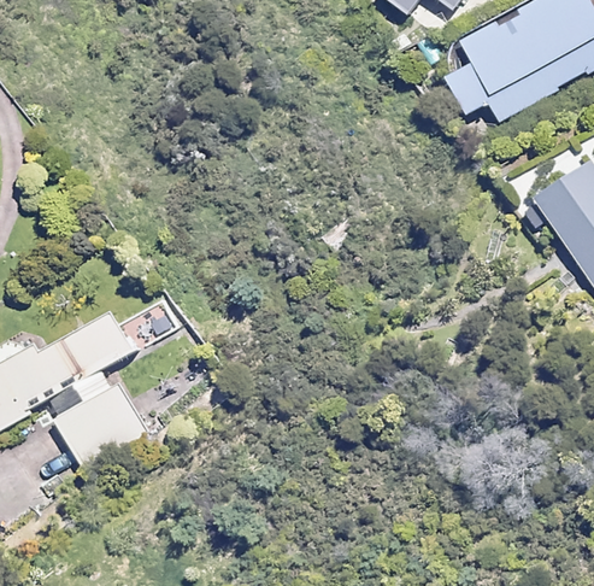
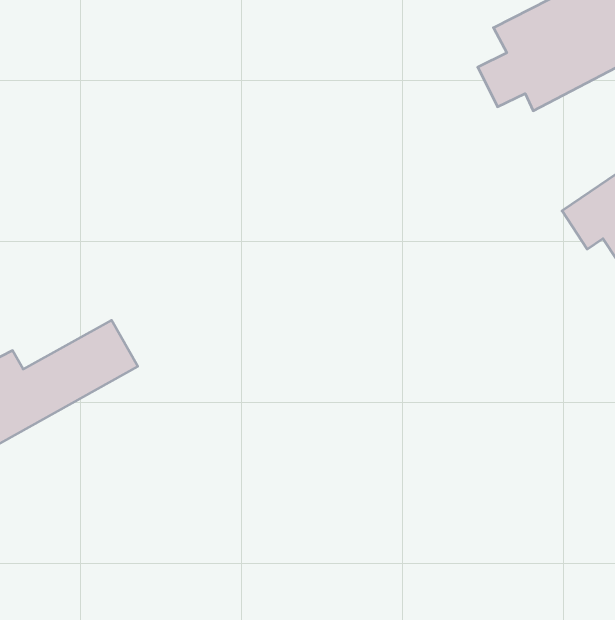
building: [55,381,149,469] -> none

